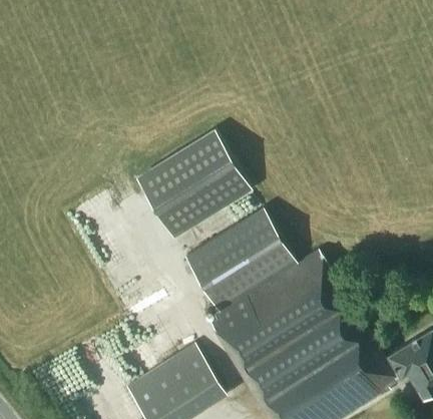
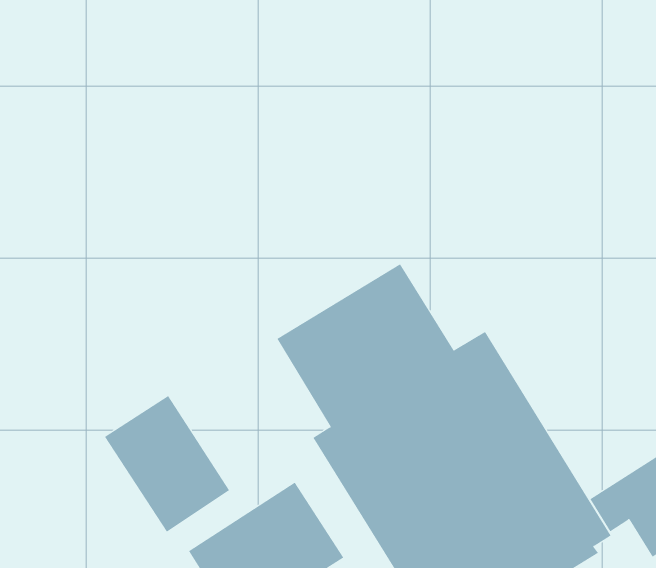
building: [134,128,252,240] -> none
building: none -> [104,395,230,533]

